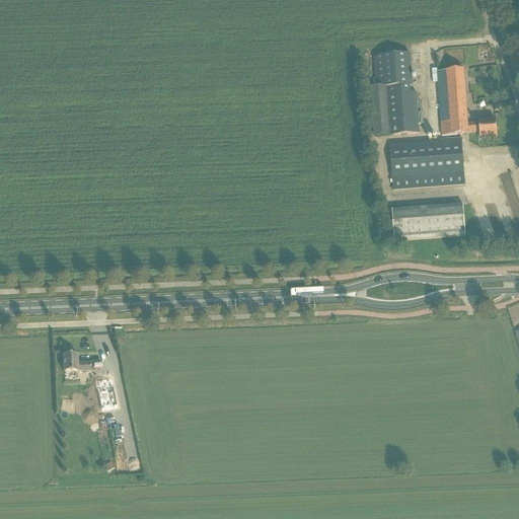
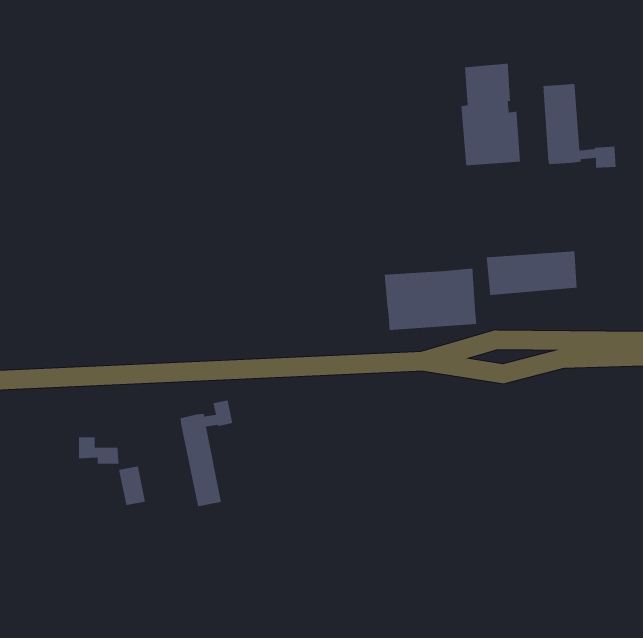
building: [389,136,464,187] -> [384,268,477,331]
building: none -> [180,399,233,507]

